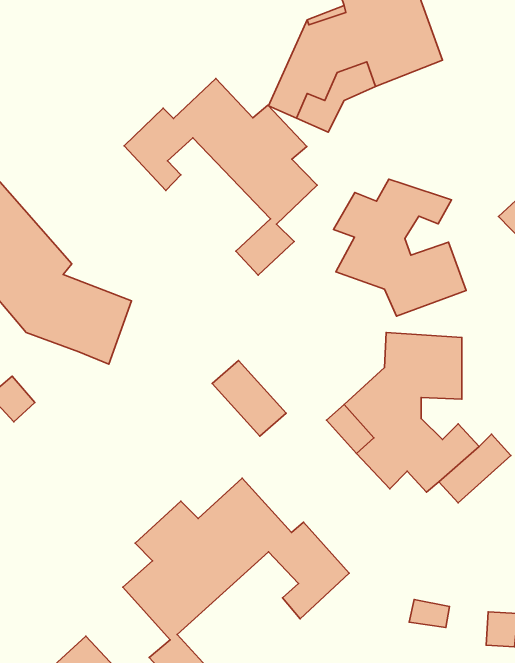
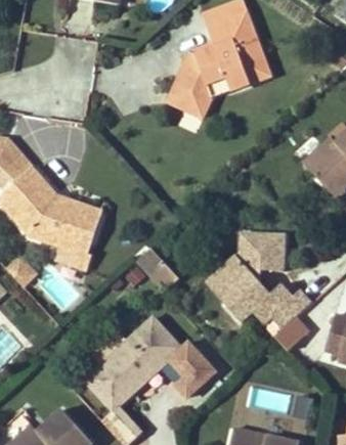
building: [124,78,317,275] -> none
building: [333,179,466,316] -> none
building: none -> [49,192,101,269]

